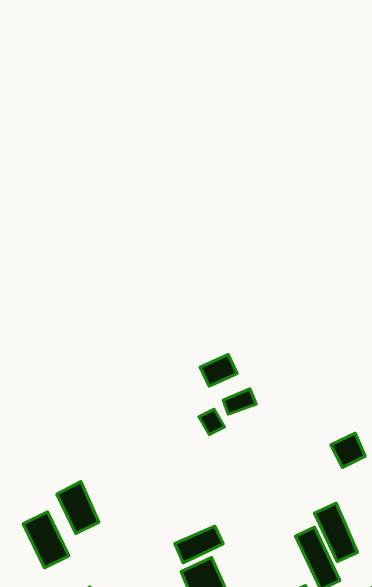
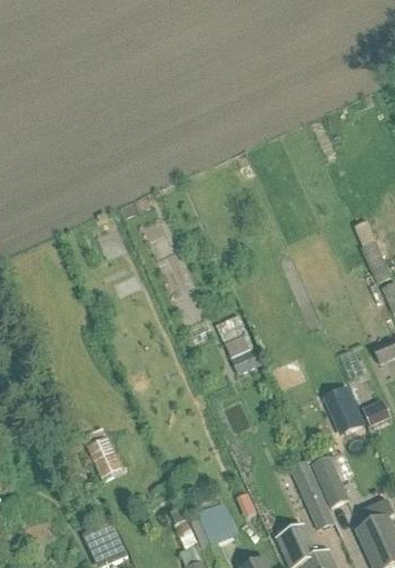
building: [23,512,69,568] -> none
building: [175,526,223,563] -> none

